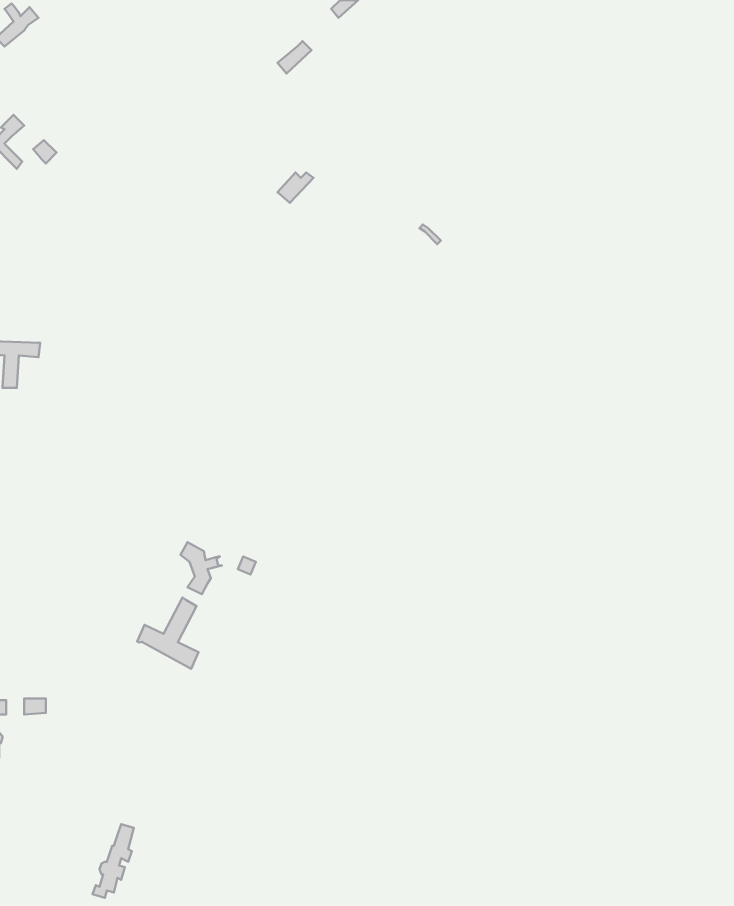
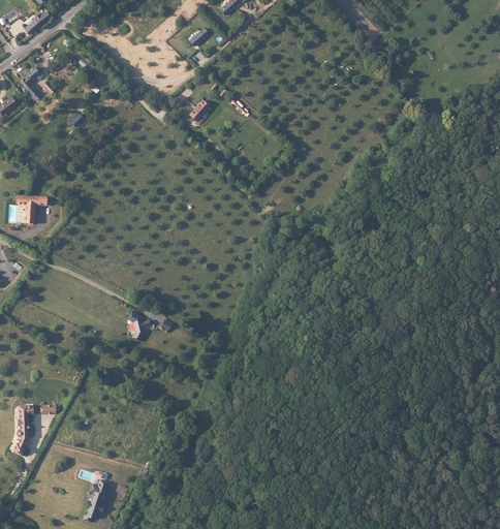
building: [137,598,199,669] -> none

